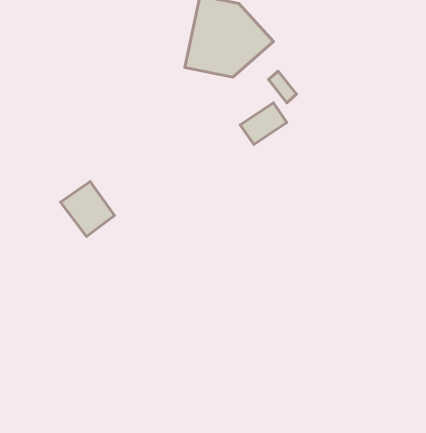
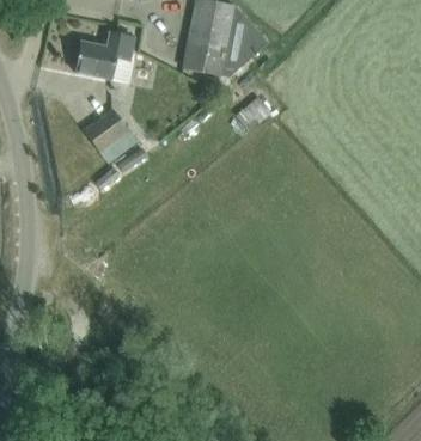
building: none -> [75,32,134,82]
building: [61,181,115,236] -> [84,109,136,163]

